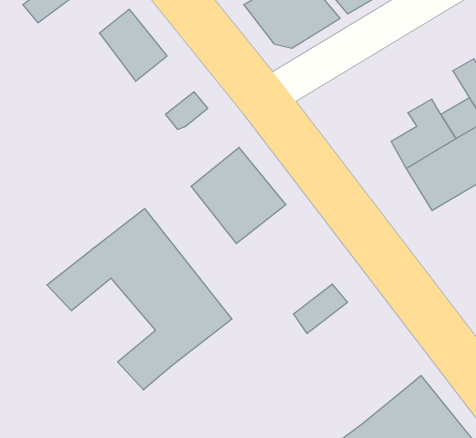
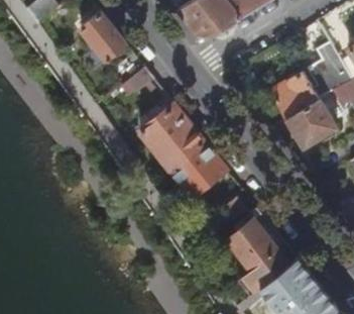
building: none -> [171,143,225,194]
building: [47,209,232,390] -> none
building: none -> [227,208,289,291]

